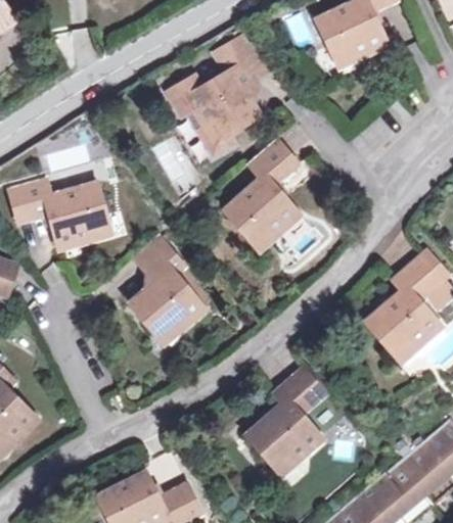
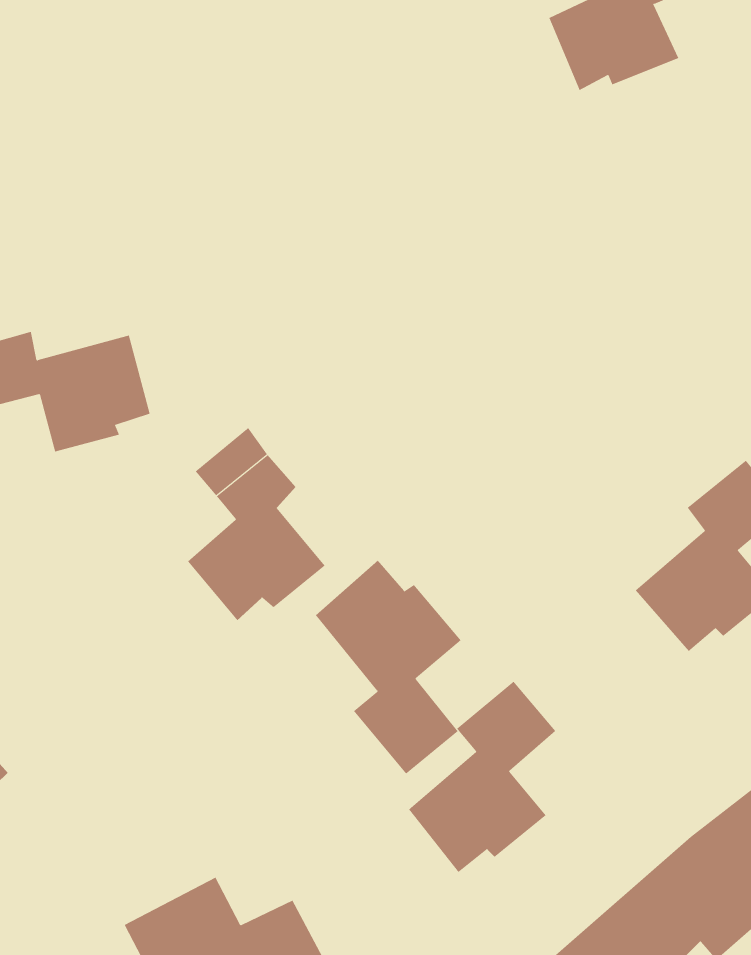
building: [173,43,273,150] -> none
building: [222,139,301,243] -> none
building: none -> [315,560,462,774]

